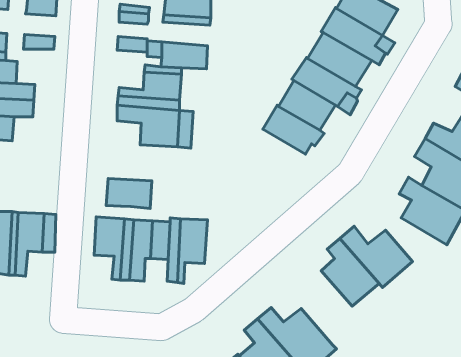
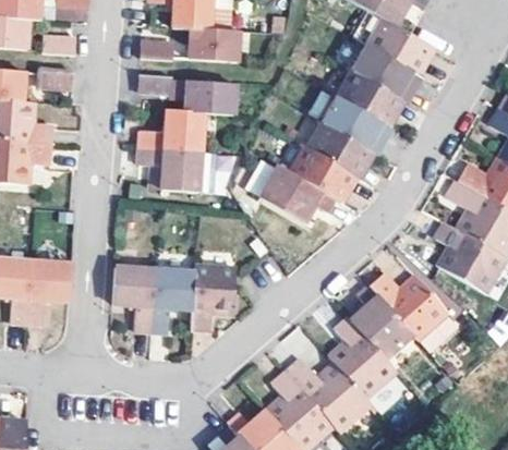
building: none -> [243,155,336,222]
building: [106,179,152,208] -> none
building: none -> [328,317,396,398]

